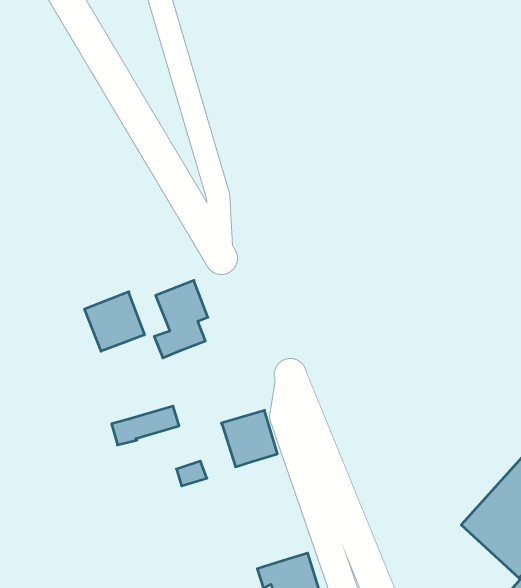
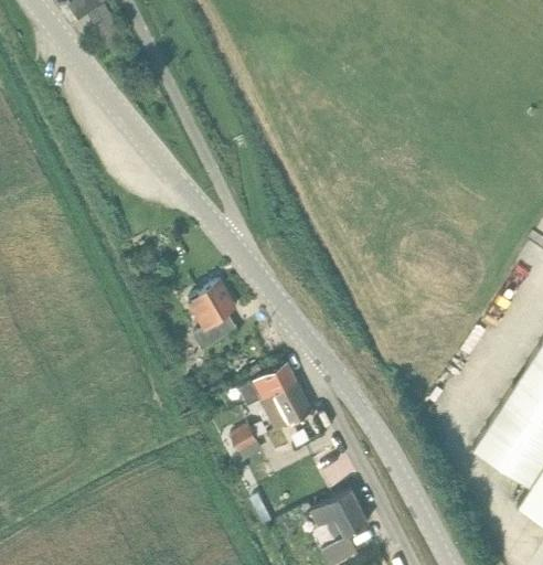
building: [85,292,144,351] -> none
building: [112,406,179,445] -> [239,365,296,405]

